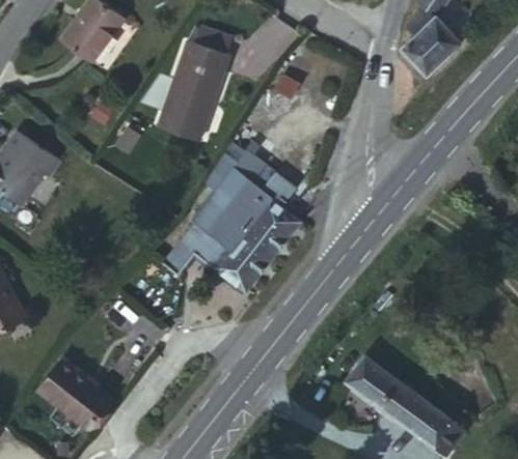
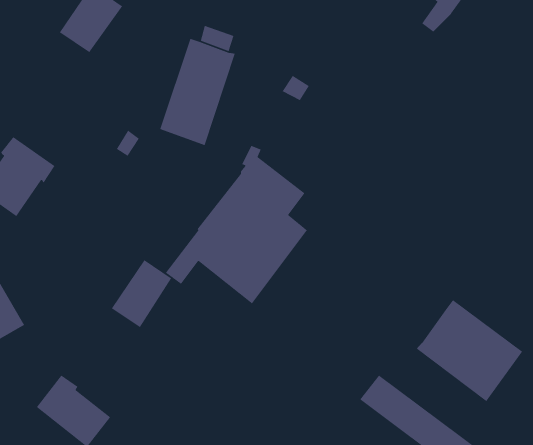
building: [402,17,461,76] -> none
building: none -> [111,259,172,328]
building: none -> [416,299,523,402]

